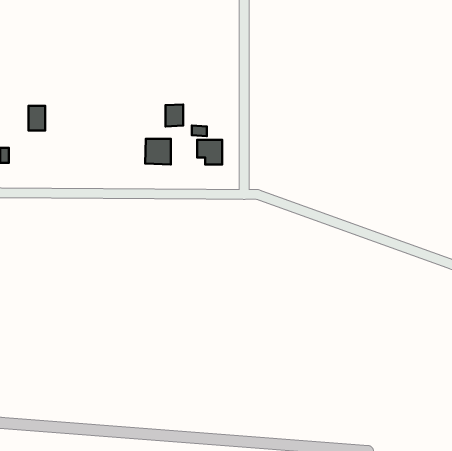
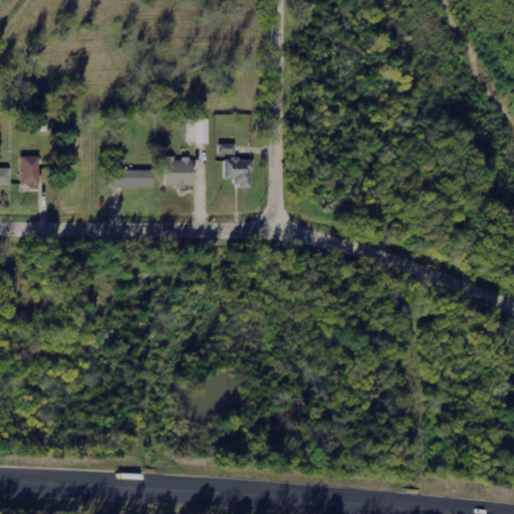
building: [28,106,45,130] -> [21,157,40,185]
building: none -> [112,169,153,188]

